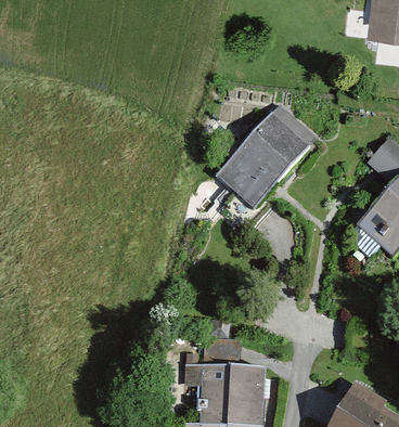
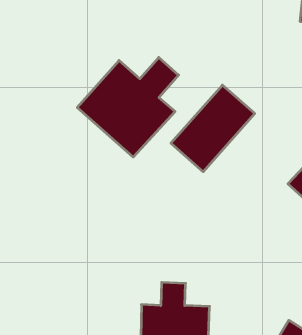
building: none -> [77,57,179,157]

